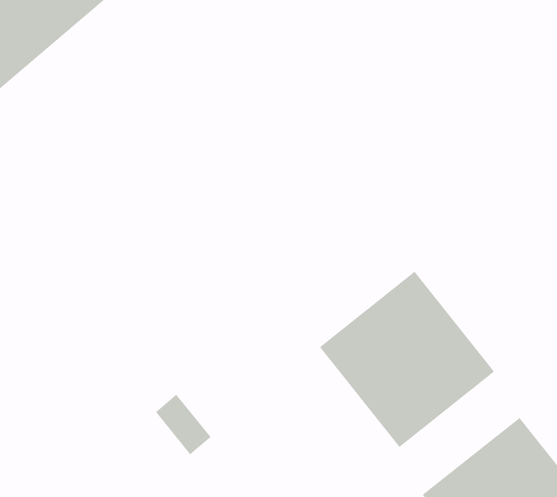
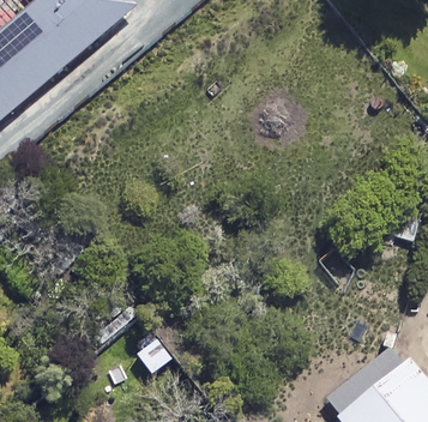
building: [319,271,495,448] -> none

